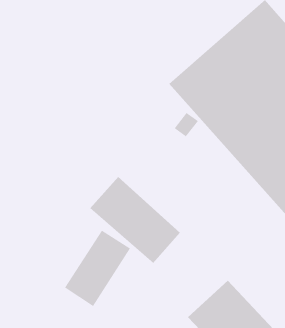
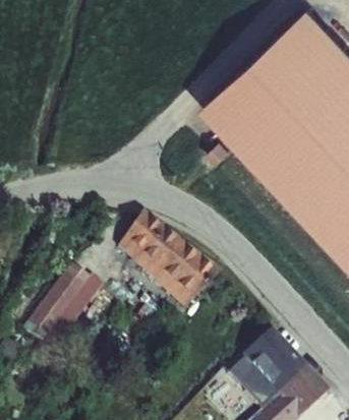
building: [64,230,131,307] -> [25,260,102,349]

